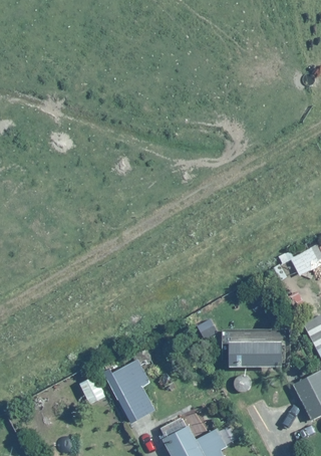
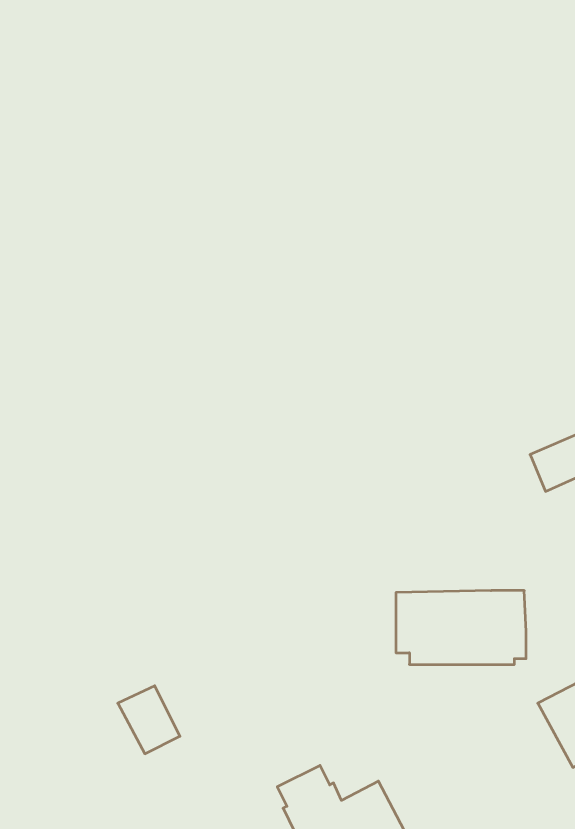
building: [106,361,156,424] -> none

